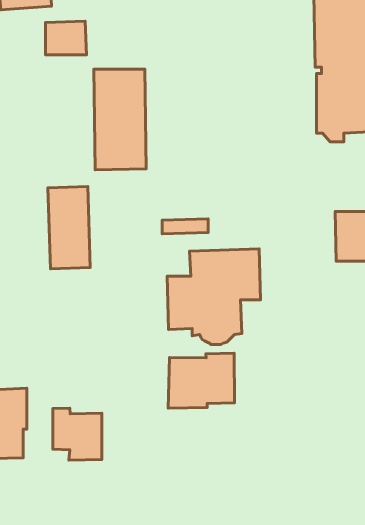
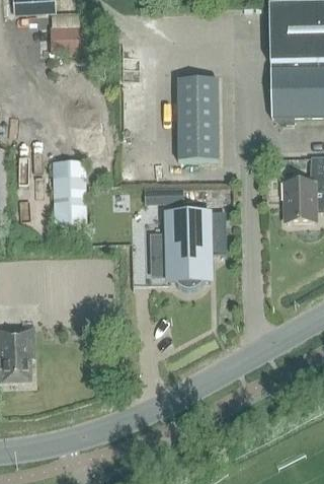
building: [94,69,146,170] -> [176,76,219,158]
building: [168,353,234,408] -> none
building: [53,408,102,460] -> none

